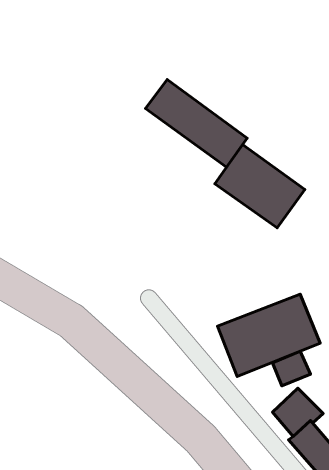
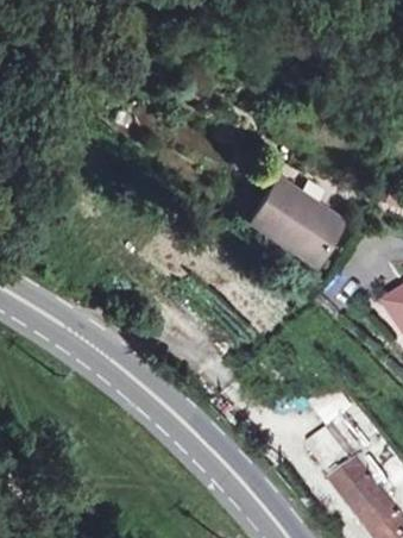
building: [145,80,247,167] -> none
building: [218,294,320,376] -> none

